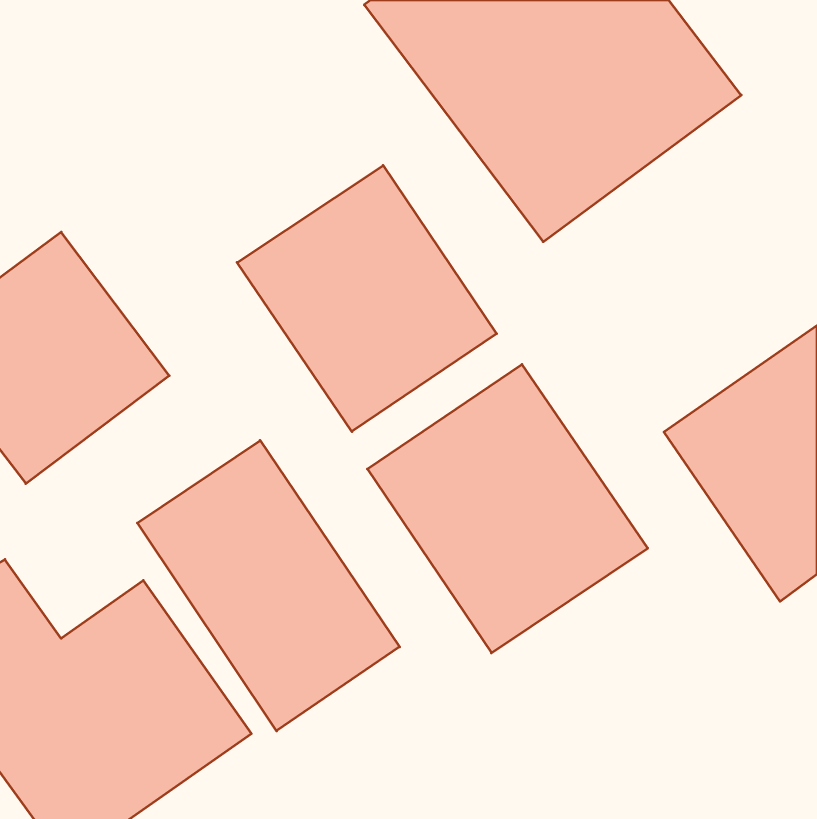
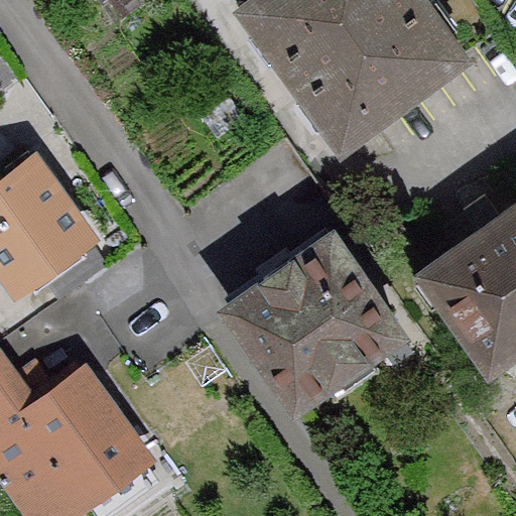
building: [237,165,497,432] -> none
building: [137,440,400,731] -> none

